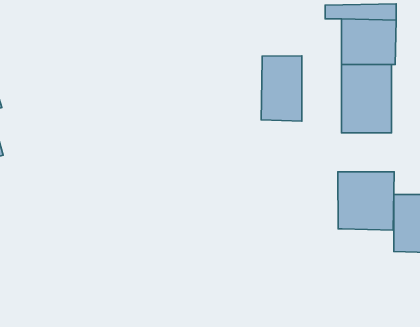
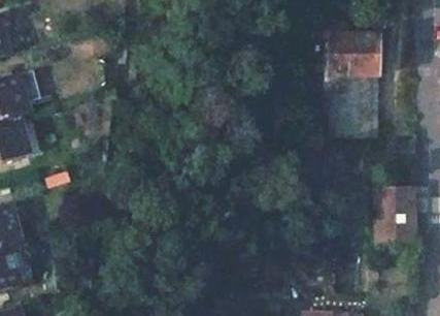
building: [261,56,302,121] -> none
building: [338,172,394,230] -> none

